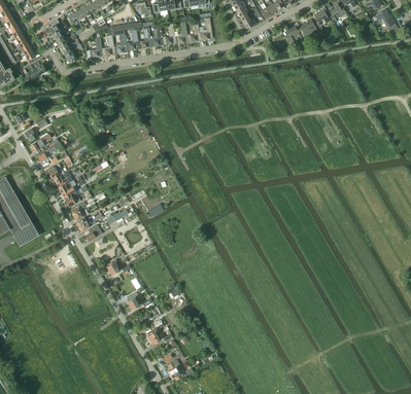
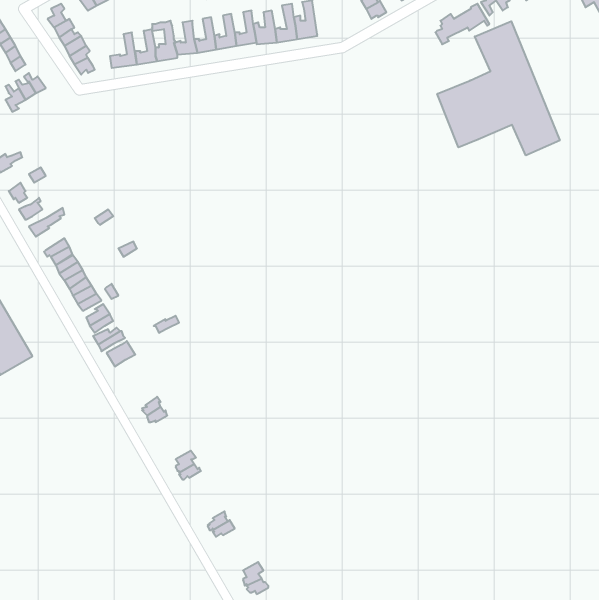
building: none -> [437,21,560,155]

